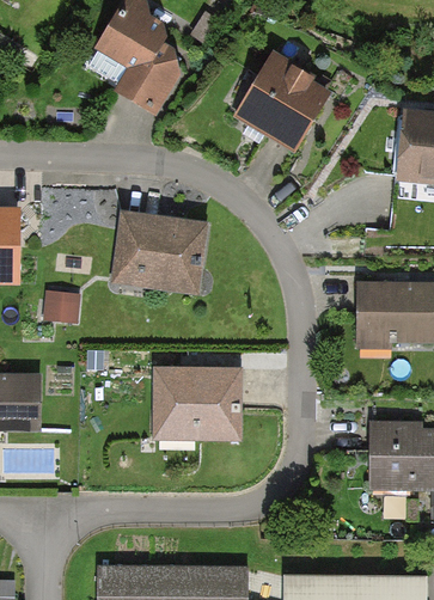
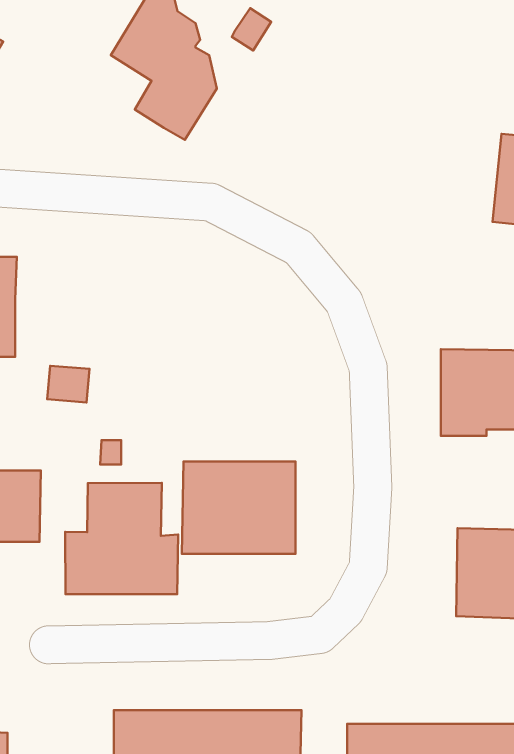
building: [233,51,332,153] -> none
building: [111,212,208,295] -> none
building: none -> [65,483,178,594]

